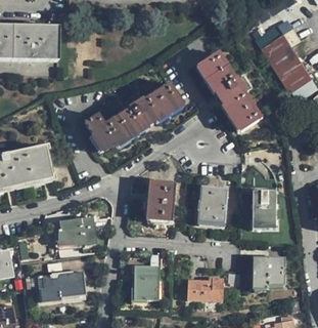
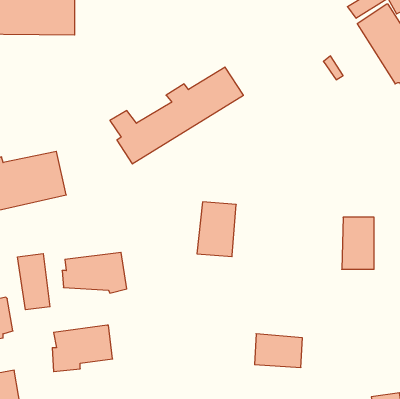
building: [199,53,261,130] -> none
building: [197,184,228,222] -> none
building: none -> [18,254,50,310]
building: [255,257,288,290] -> none
building: [134,264,157,297] -> none

